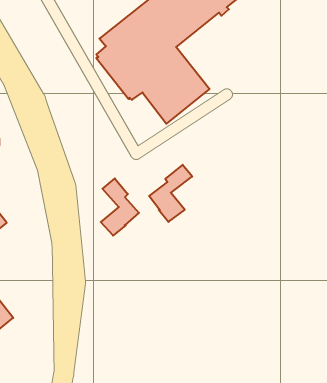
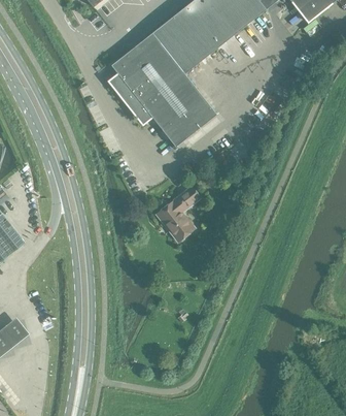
building: [101,178,139,236] -> none

